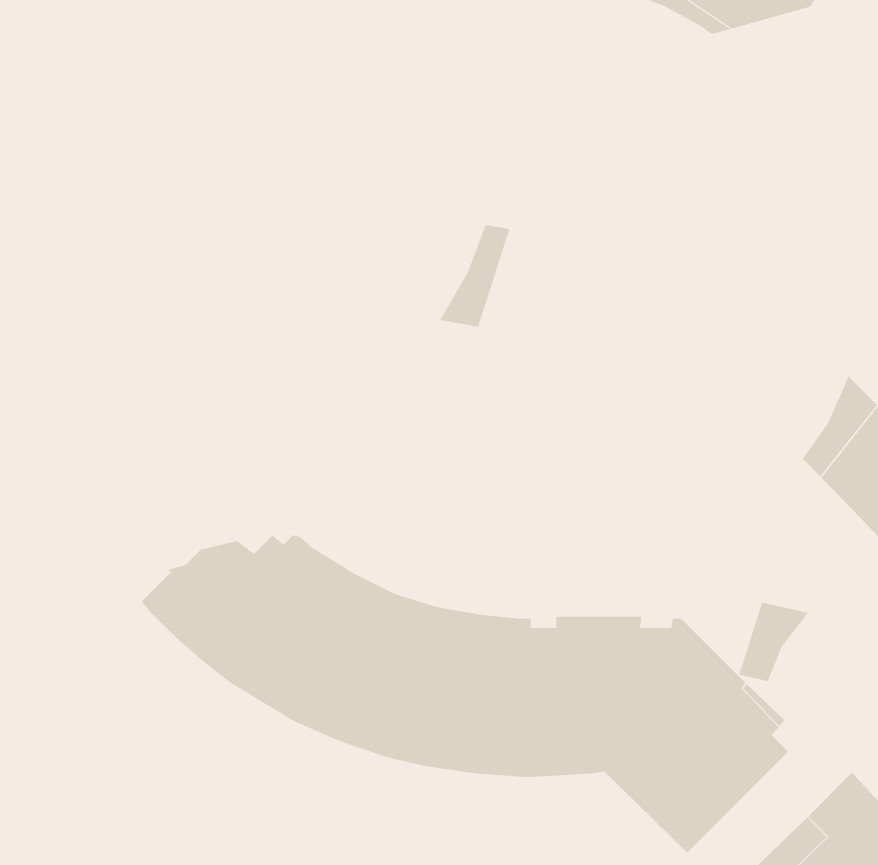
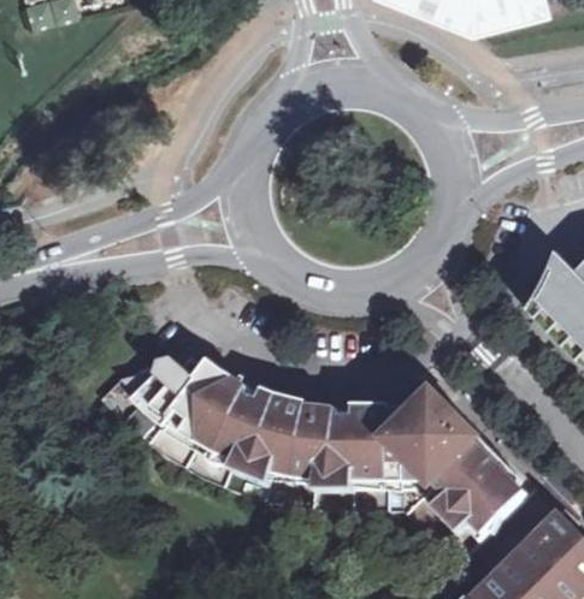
building: [439,224,510,327] -> none
building: [738,602,809,682] -> none

